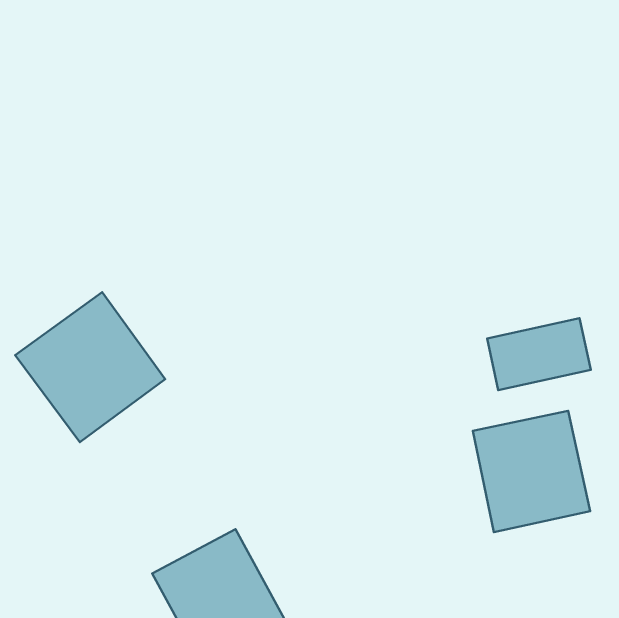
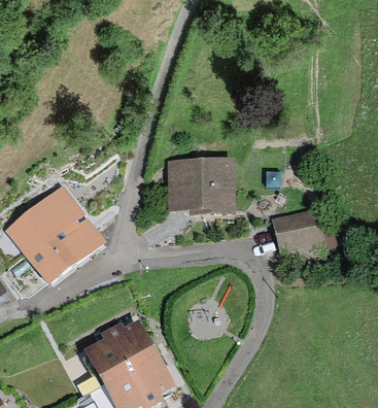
building: none -> [167,163,238,214]
building: [473,411,590,532] -> none

